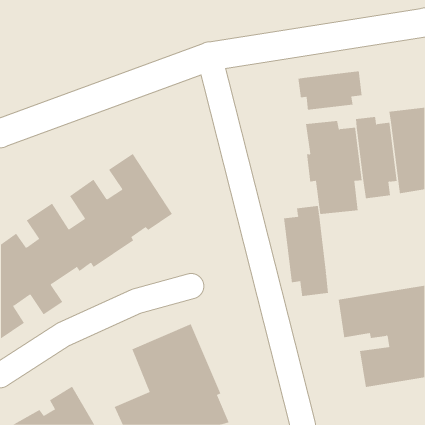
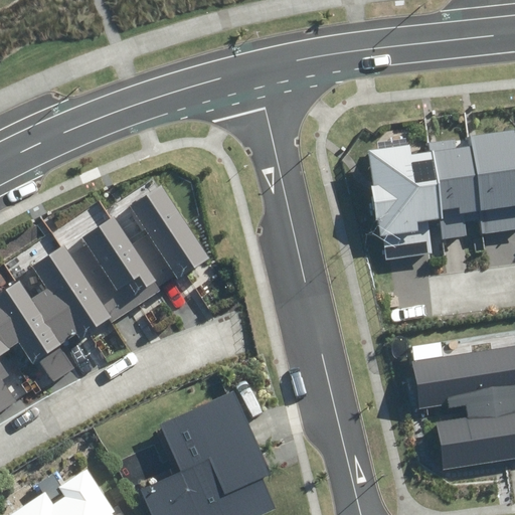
building: [298,71,362,110] -> none
building: [284,205,329,297] -> none

